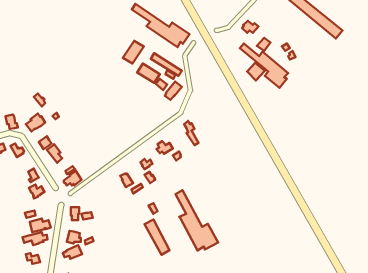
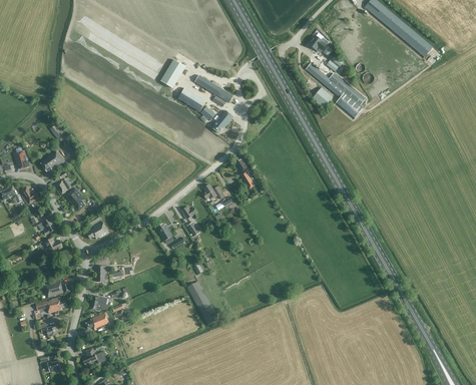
building: [132,4,190,47] -> none
building: [175,190,218,250] -> none

